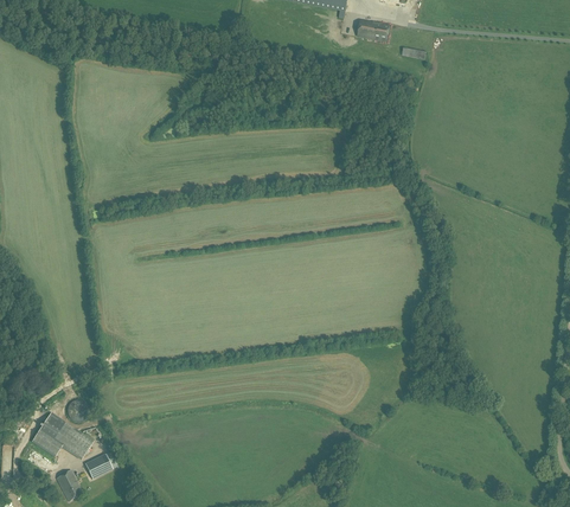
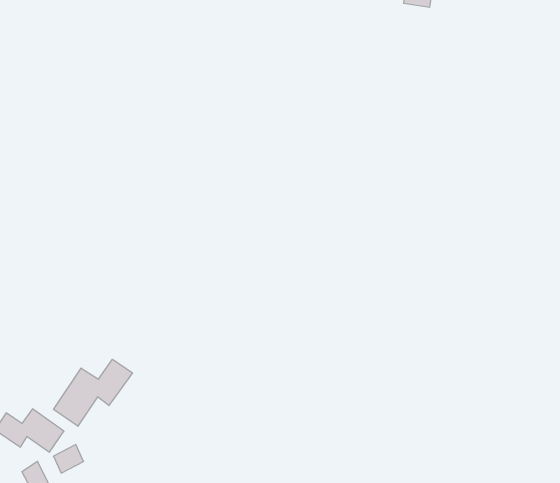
building: none -> [54,359,132,426]

